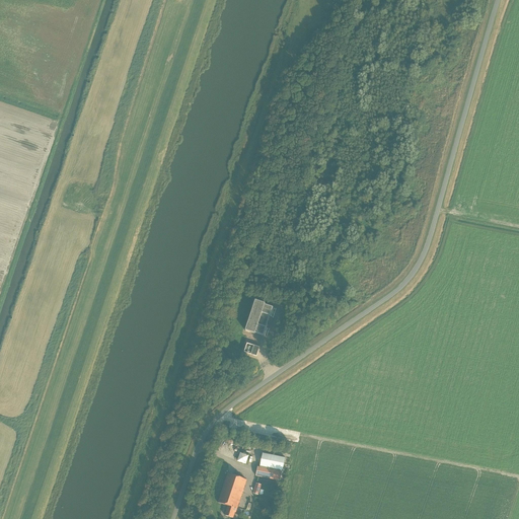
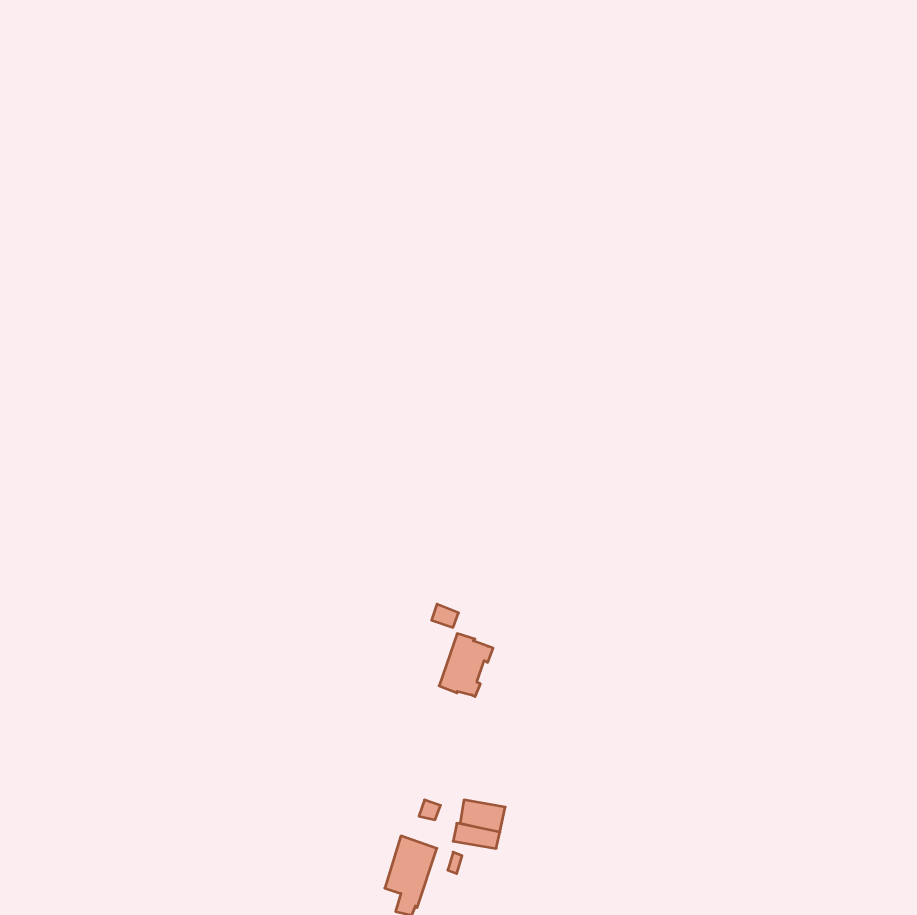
building: [244,299,275,335] -> [439,634,493,697]

